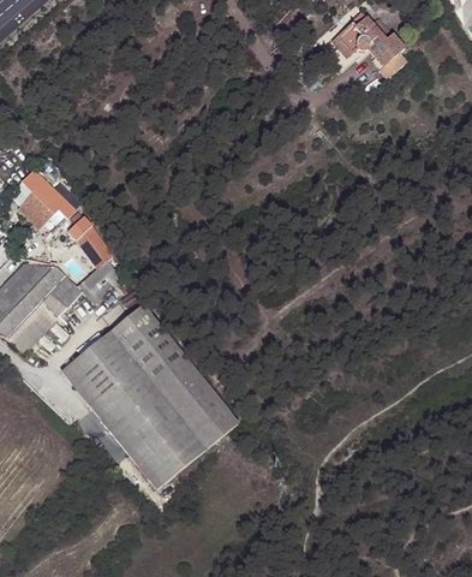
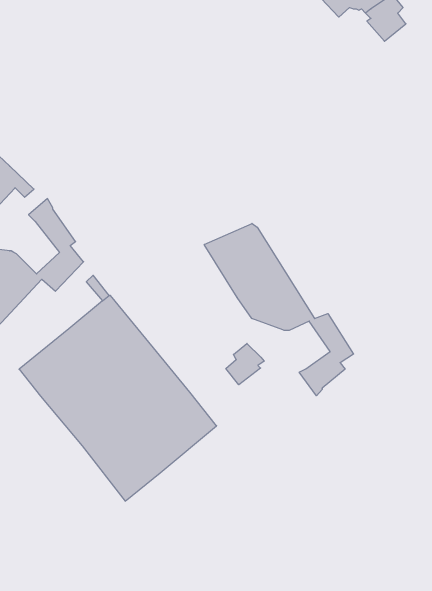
building: none -> [204,223,354,396]
building: none -> [226,343,264,385]

